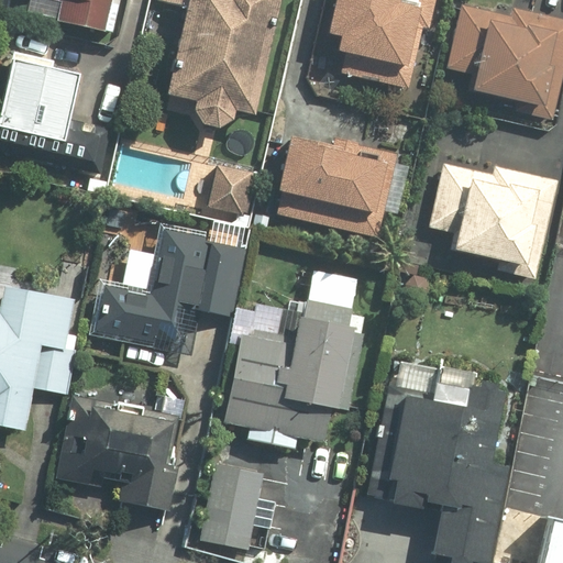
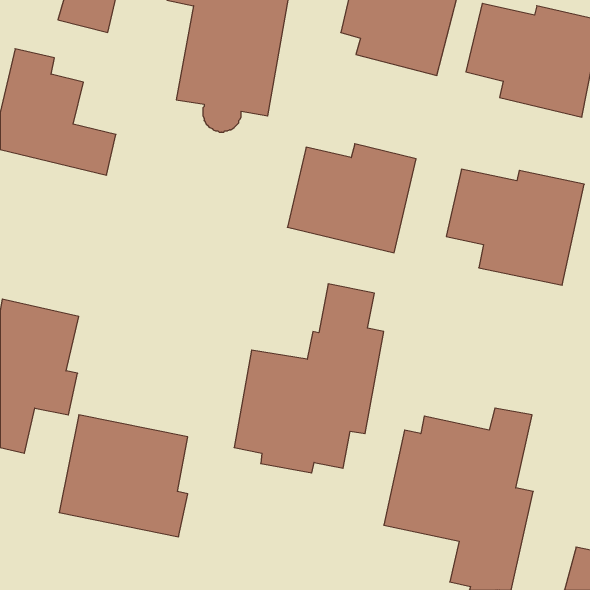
building: [205,159,257,225] -> none
building: [89,224,251,376] -> none
building: [201,463,263,548] -> none

